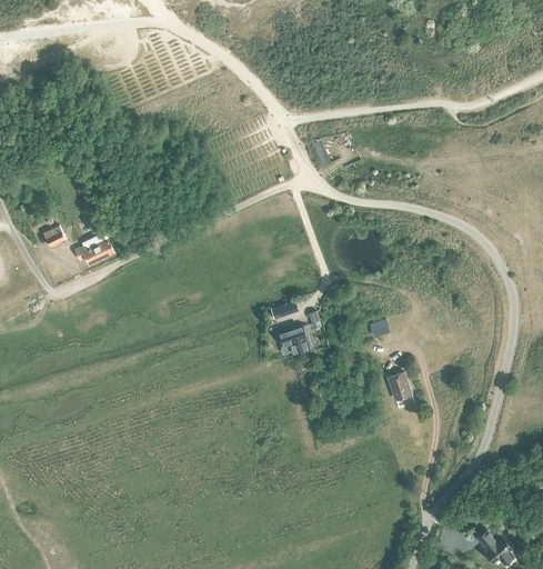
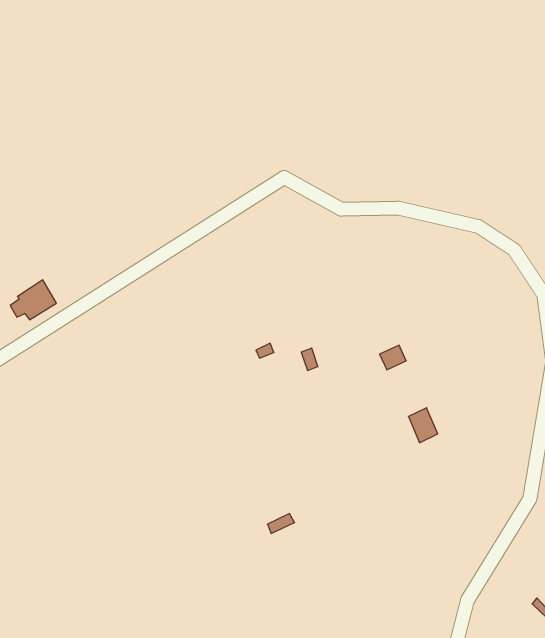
building: [274,322,311,352] -> none

